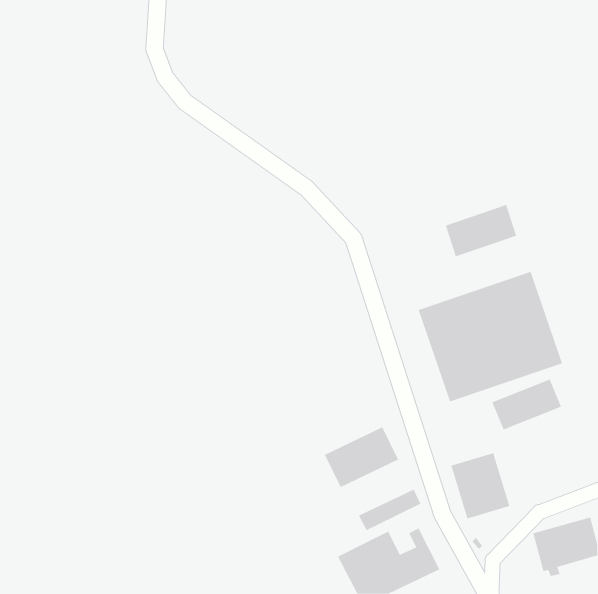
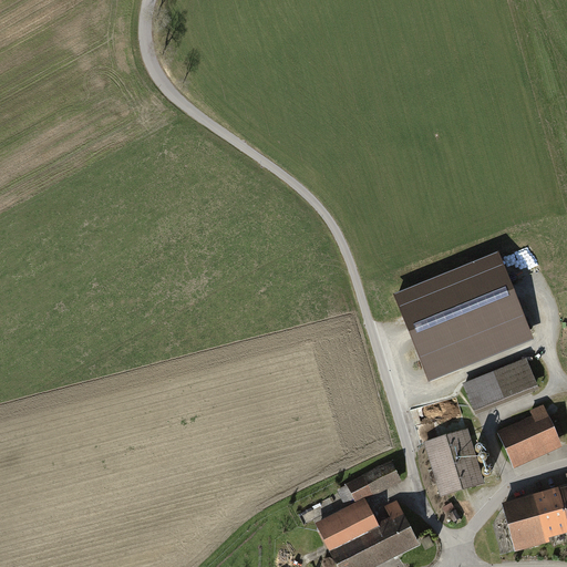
building: [445,204,517,257] -> none
building: [324,426,399,488] -> none
building: none -> [498,404,557,458]

